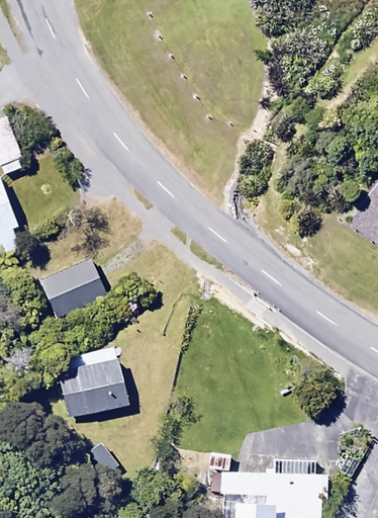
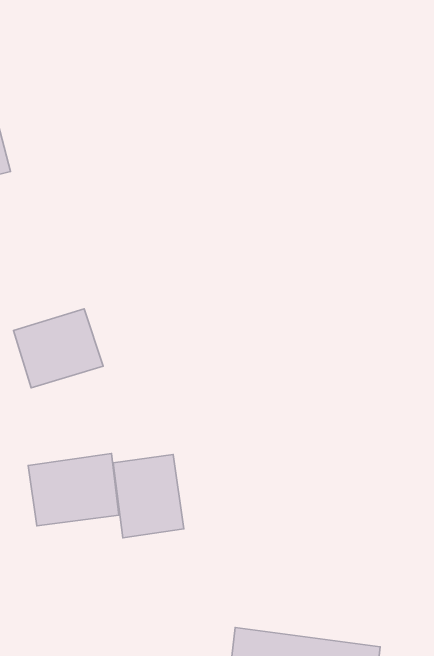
building: none -> [113,455,184,538]

